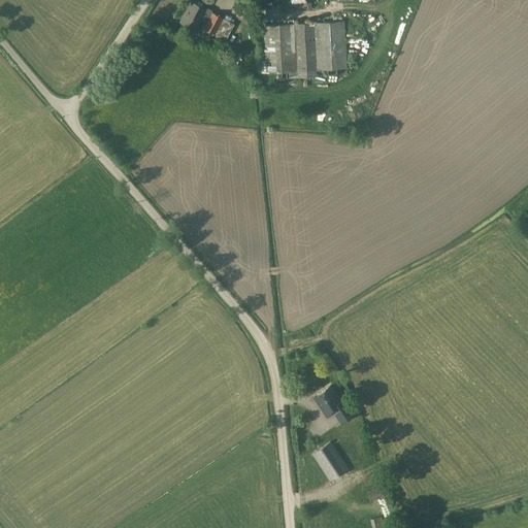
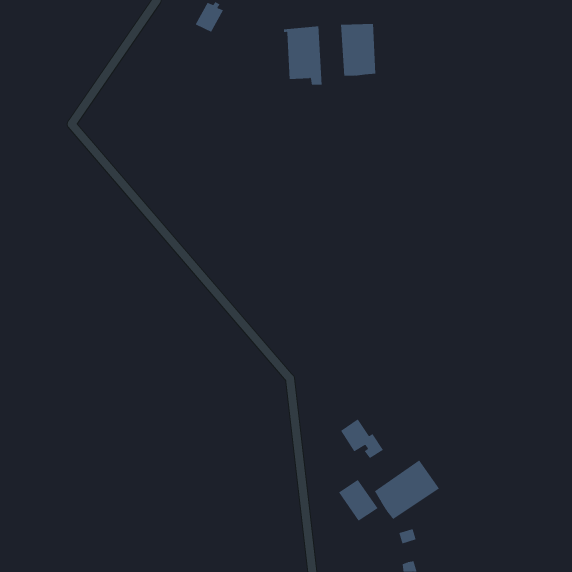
building: [202,12,234,40] -> none
building: [294,23,317,78] -> none
building: none -> [374,460,440,520]

